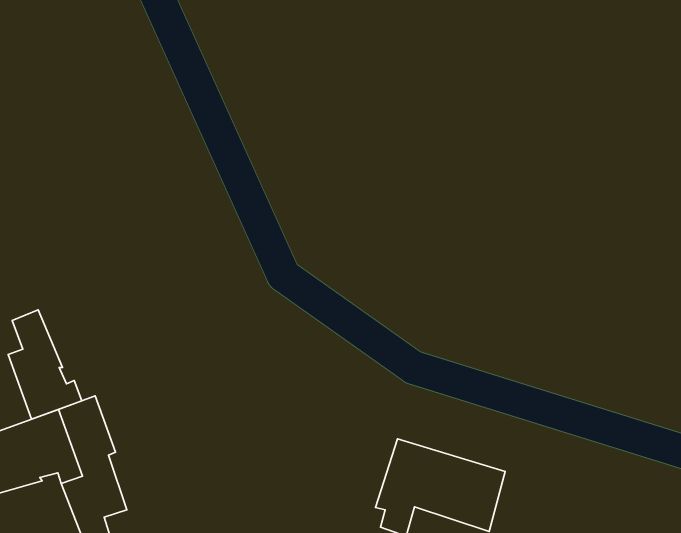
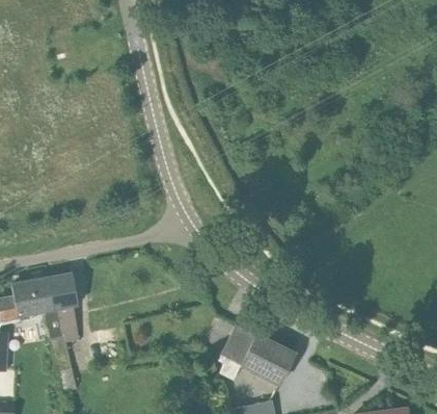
building: [8,310,82,419] -> none

